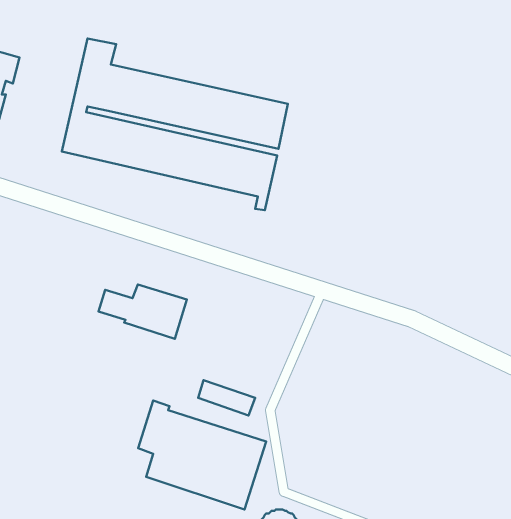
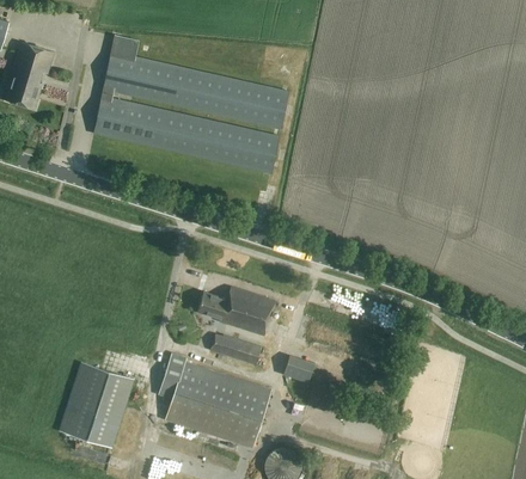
building: [98,284,187,339] -> [197,287,275,334]
building: none -> [282,355,313,383]
building: none -> [61,363,134,448]

